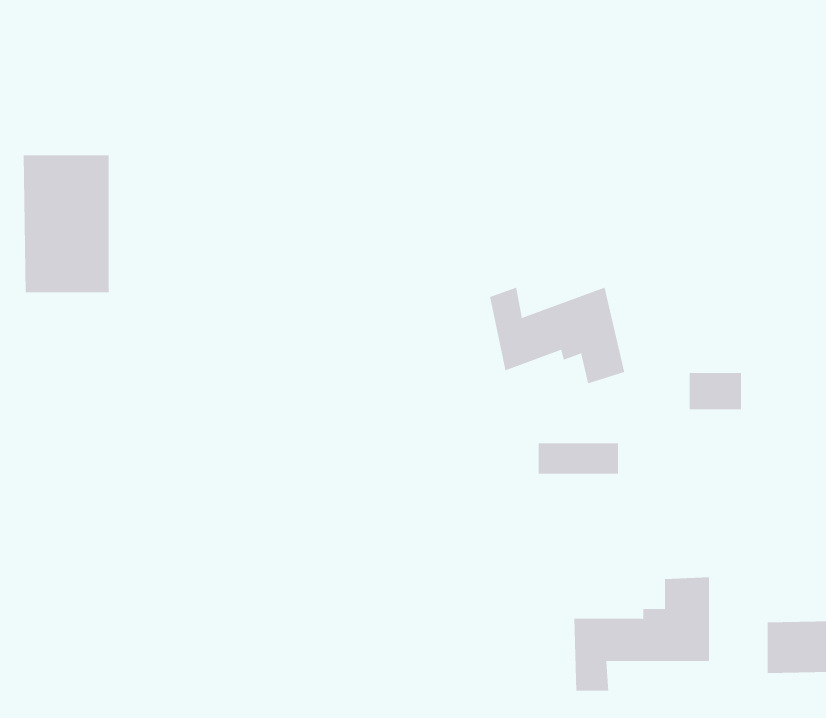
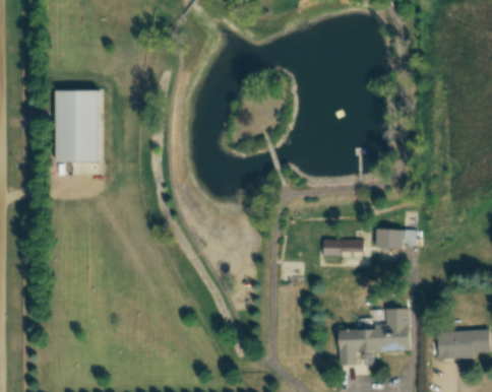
building: [490,287,625,384] -> none
building: [689,372,742,410] -> [375,228,403,248]

